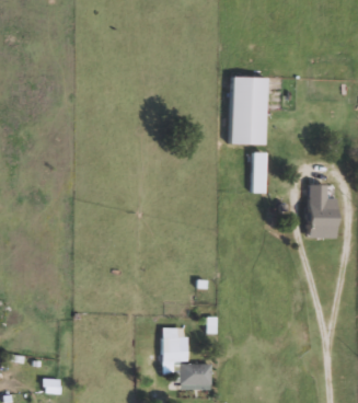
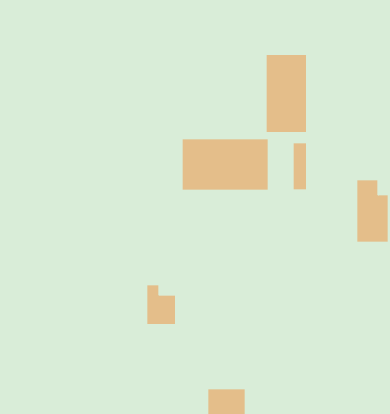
building: none -> [182,138,268,190]
building: [163,327,188,361] -> [146,285,176,324]

